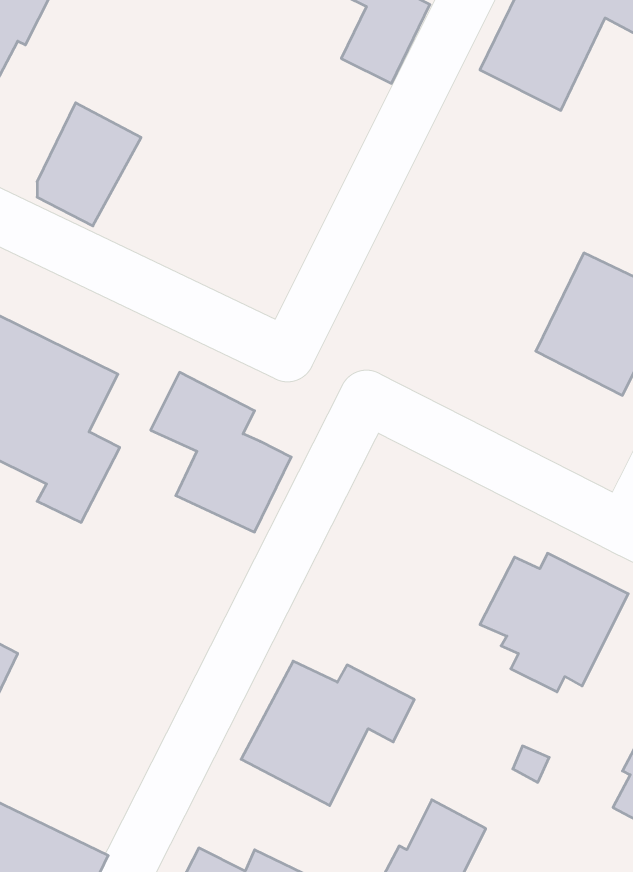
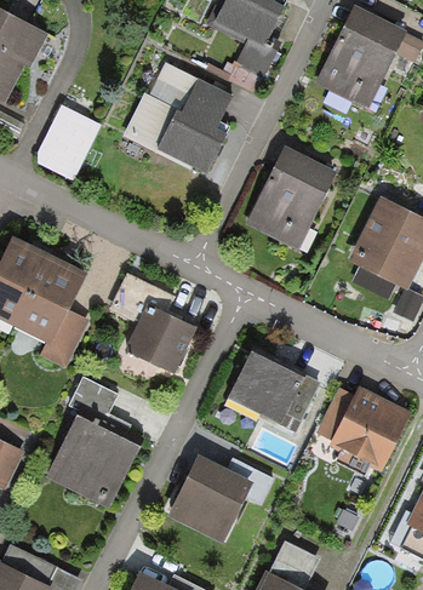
building: none -> [125,62,233,173]
building: none -> [245,147,336,248]
building: none -> [228,353,319,431]
building: none -> [47,377,139,506]

